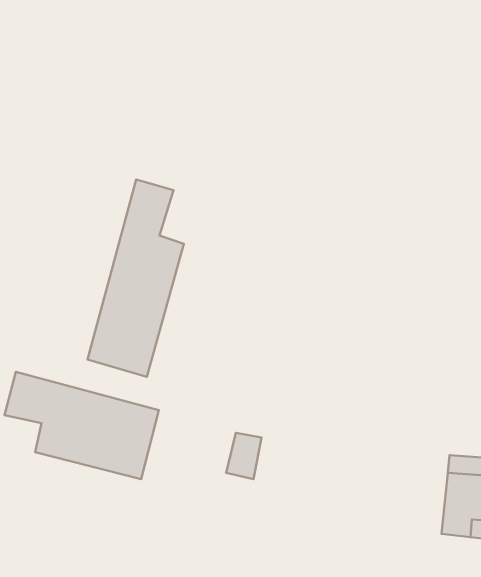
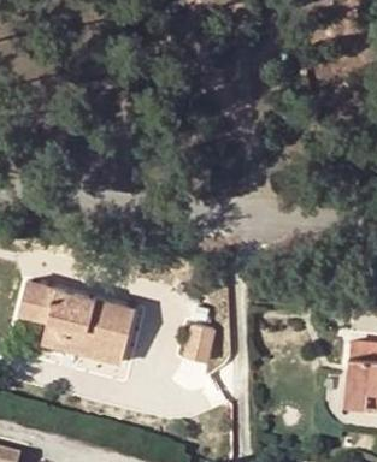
building: [87,179,184,377] -> none

